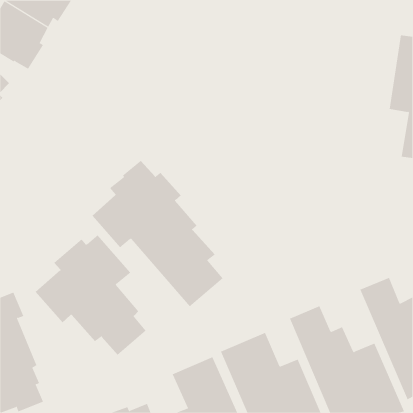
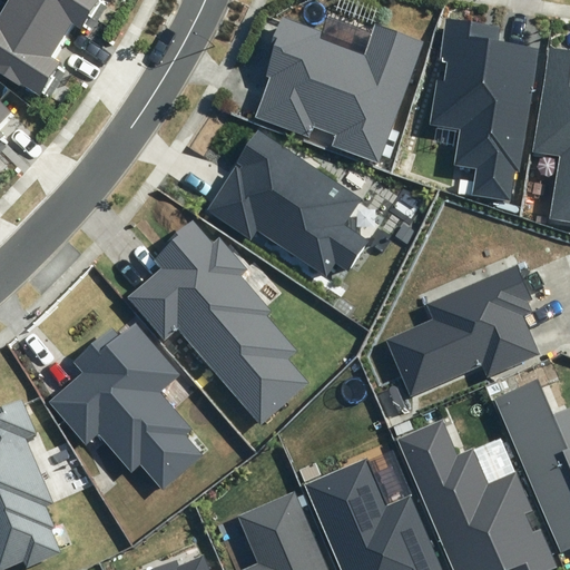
building: none -> [253,17,423,164]
building: none -> [428,20,540,200]
building: none -> [206,131,368,275]
building: none -> [384,265,540,397]

